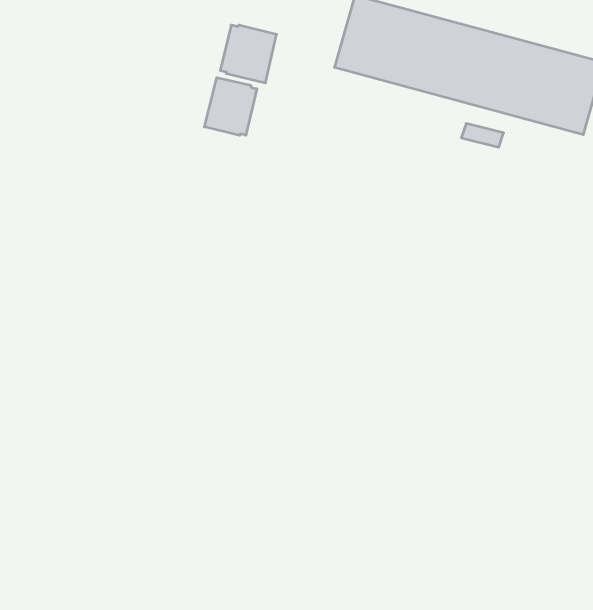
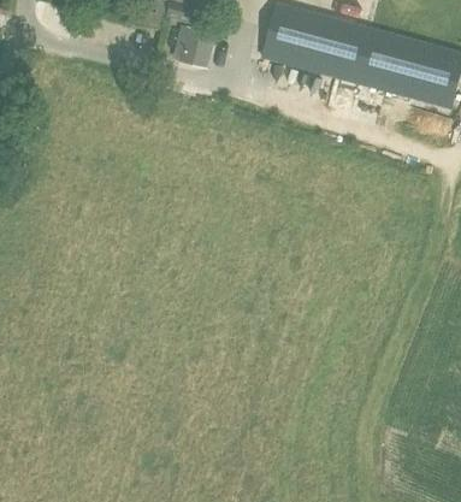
building: [204,78,257,135] -> none

